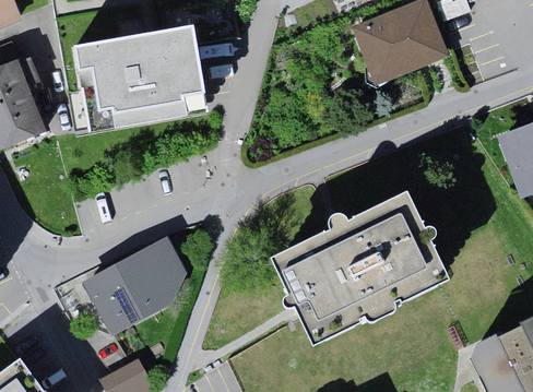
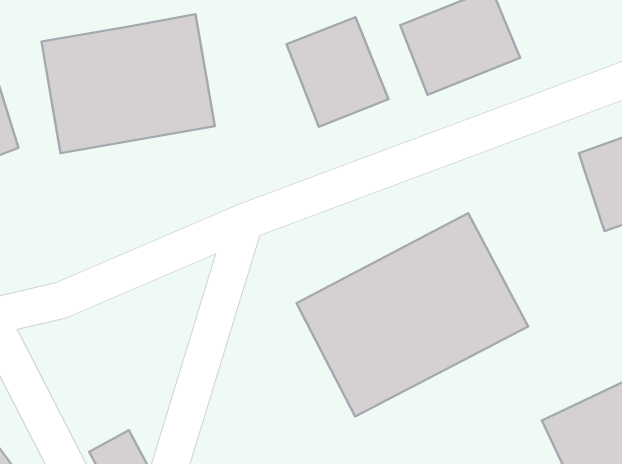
building: none -> [287,17,388,127]
building: [83,233,187,336] -> none

